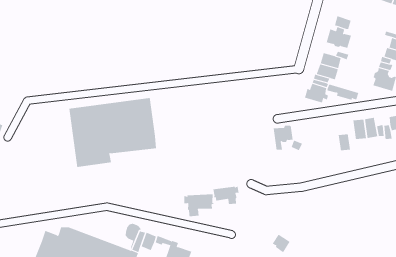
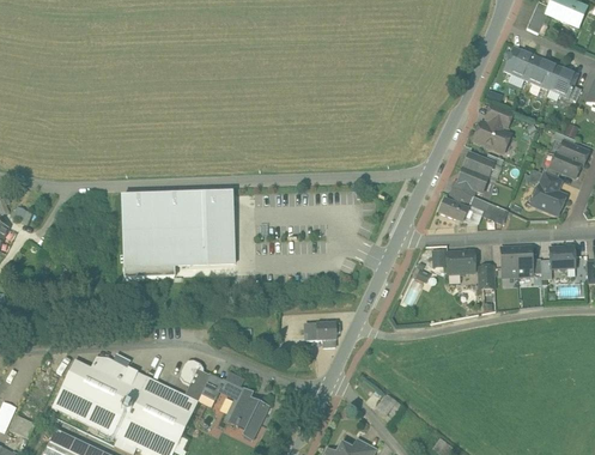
building: [273,125,294,150] -> [448,250,474,283]
building: [184,194,214,217] -> none

